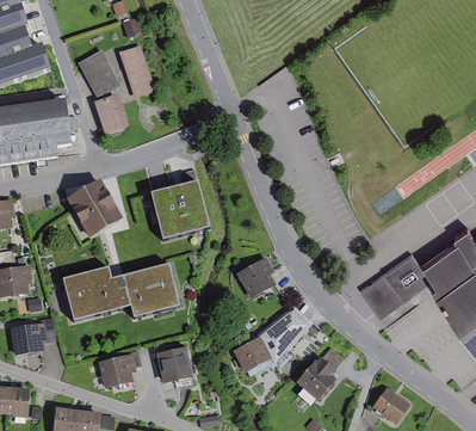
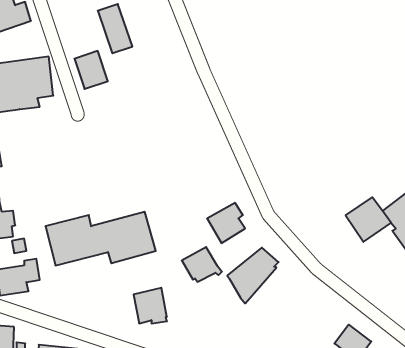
building: [76,49,119,97] -> none
building: [66,180,123,239] -> none
building: [150,186,209,242] -> none
building: [359,270,402,314] -> none
building: [233,338,276,375] -> [182,247,222,282]
building: [296,345,345,401] -> none
building: [97,349,141,389] -> none

